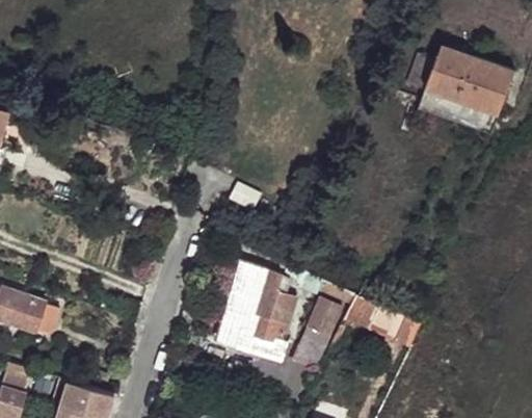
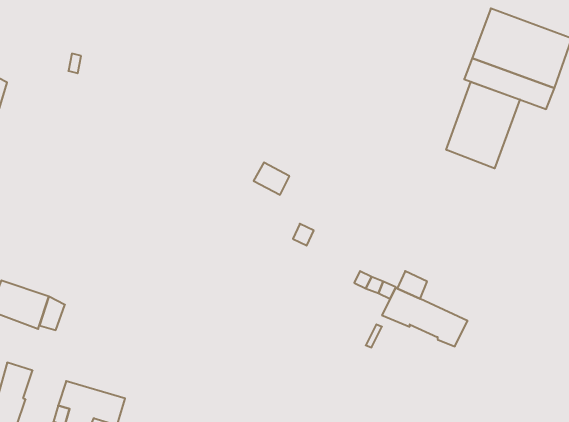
building: none -> [446,82,520,168]
building: [216,261,295,361] -> none
building: [294,298,341,367] -> none

